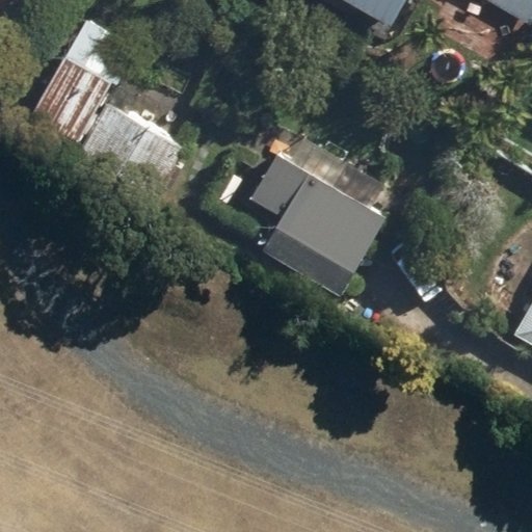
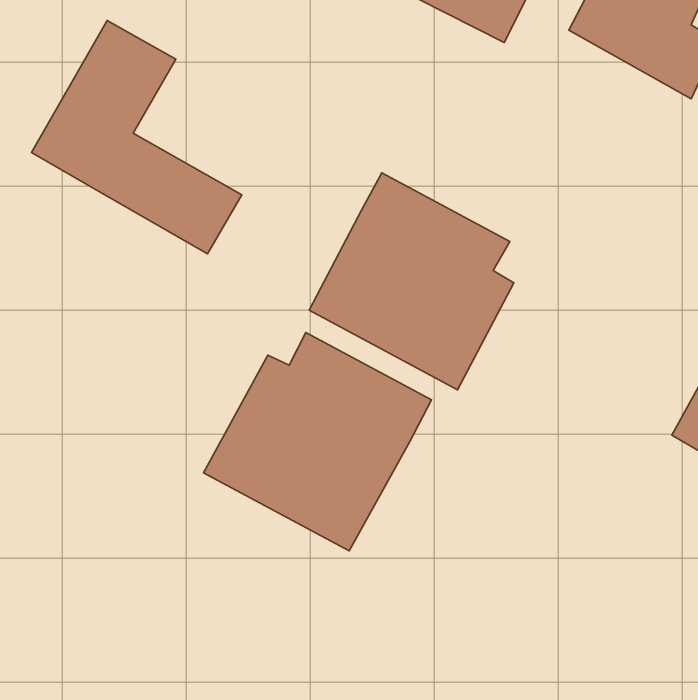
building: none -> [203,332,431,551]

